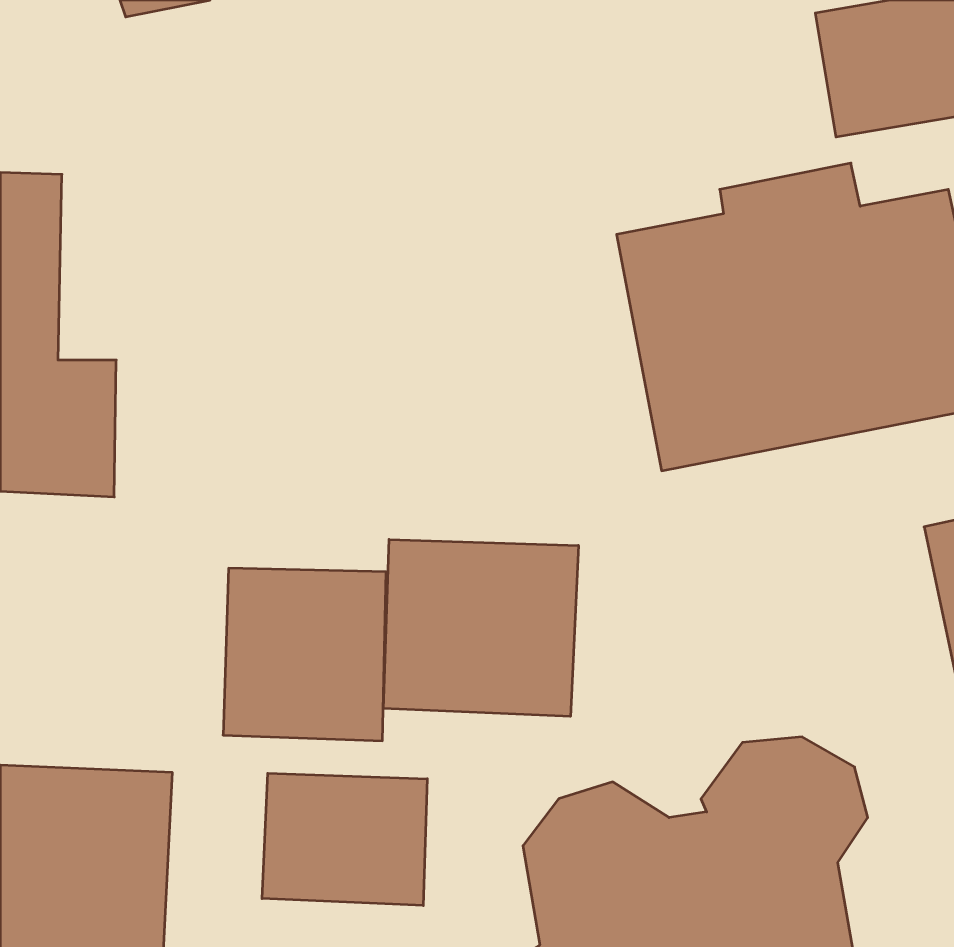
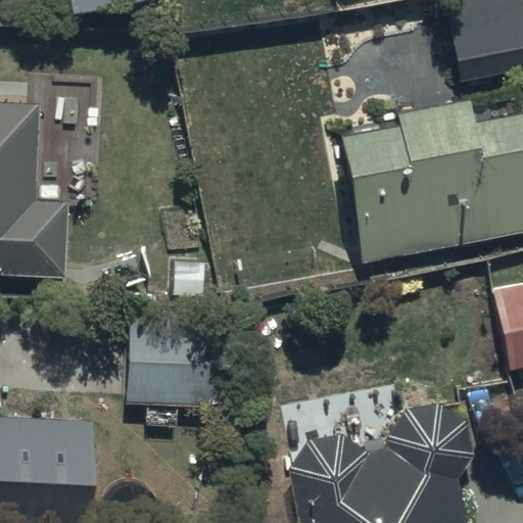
building: [383,539,578,716] -> none
building: [262,773,427,906] -> none

